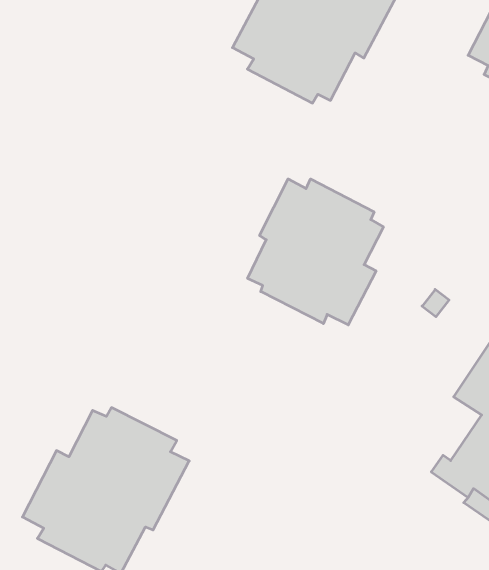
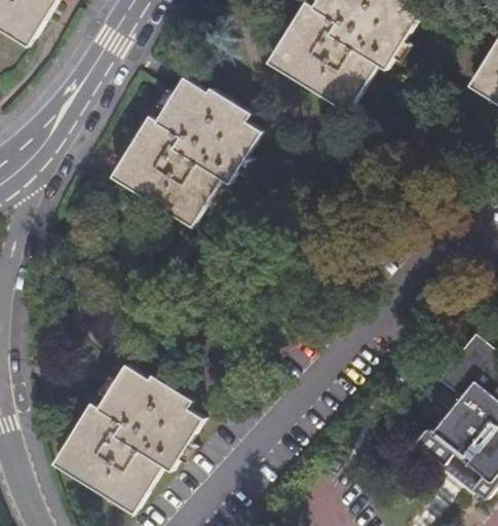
building: none -> [114,88,263,228]
building: [248,179,383,325] -> none

